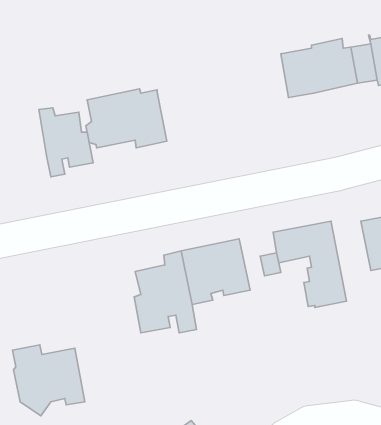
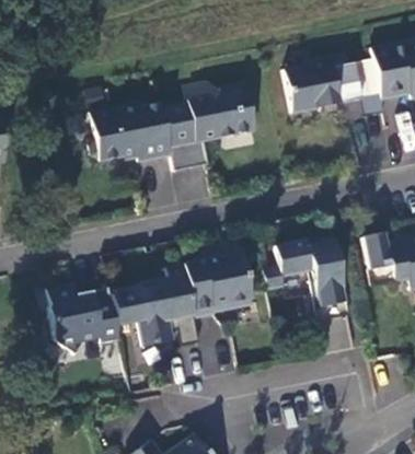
building: none -> [160,82,254,170]
building: [39,108,93,177] -> none
building: [12,345,85,416] -> [47,284,119,356]

